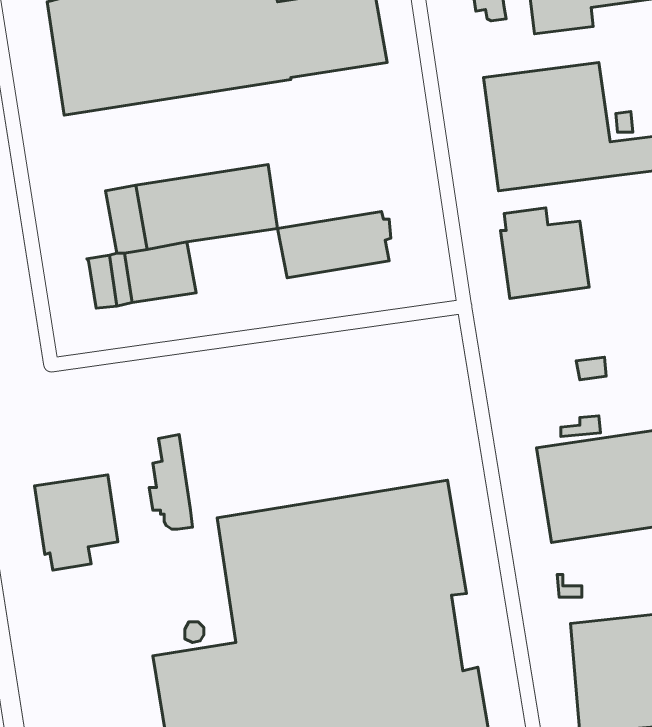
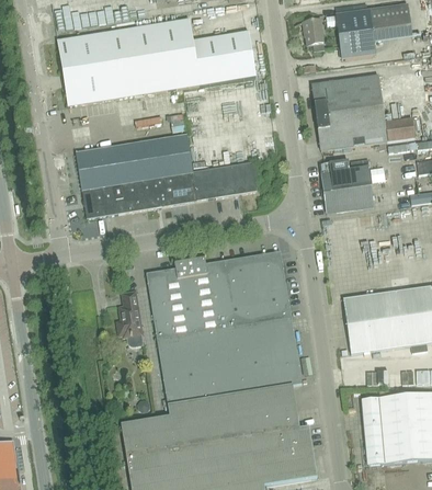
building: none -> [76,149,99,189]
building: none -> [139,171,197,208]
building: none -> [146,250,291,339]
building: [34,475,118,570] -> none

